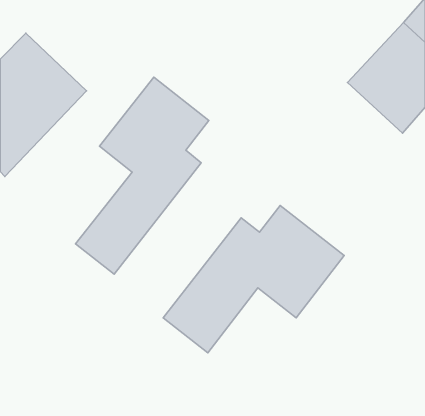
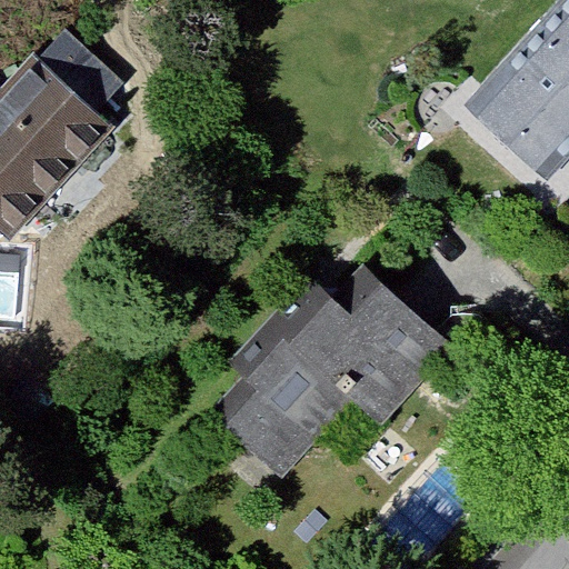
building: [75,77,209,274] -> none

